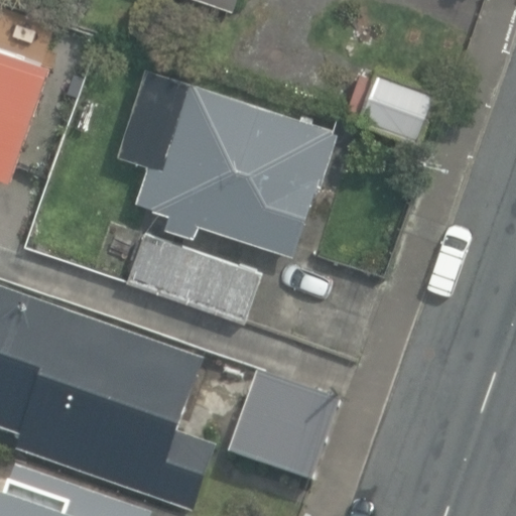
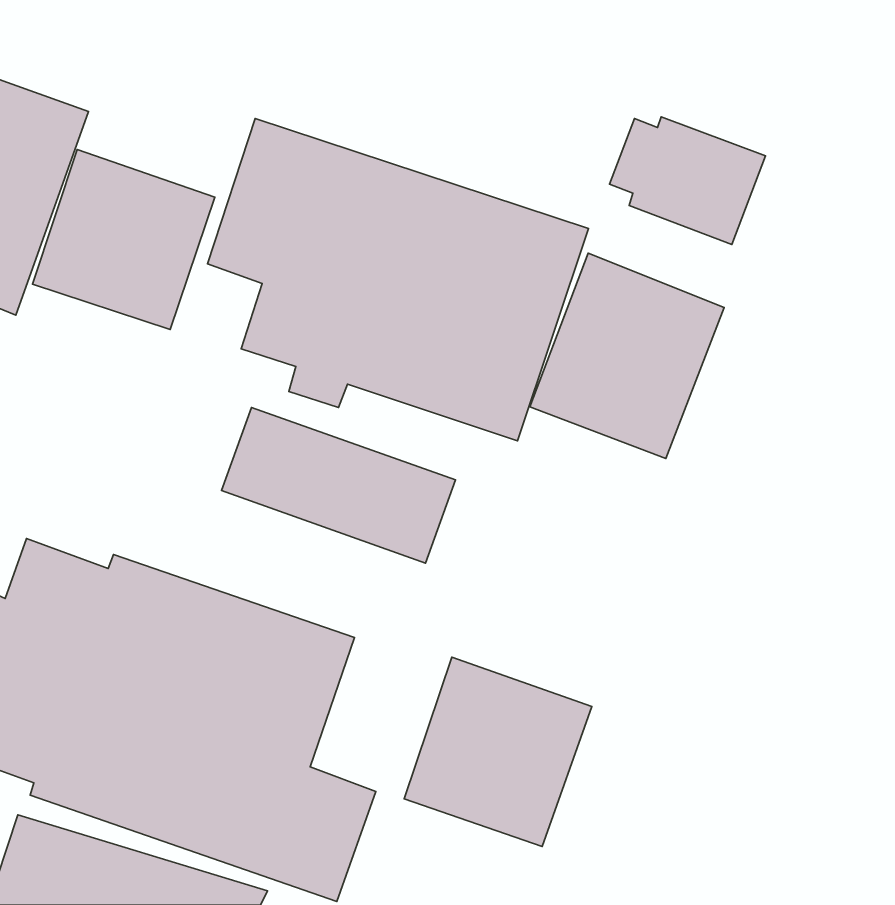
building: none -> [33,149,215,330]
building: none -> [530,253,724,458]

